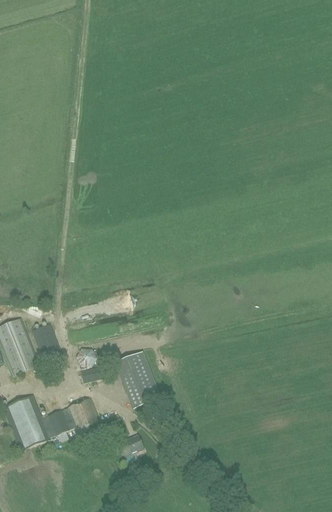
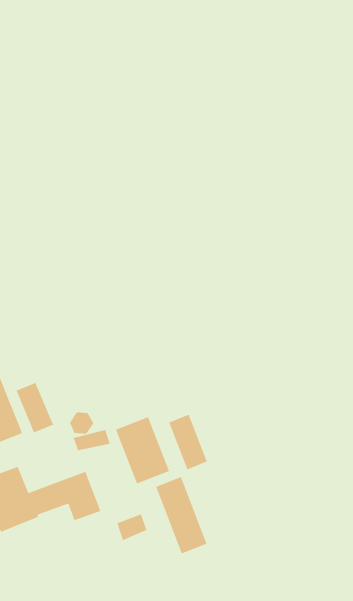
building: none -> [168,414,208,470]
building: none -> [156,476,207,554]

